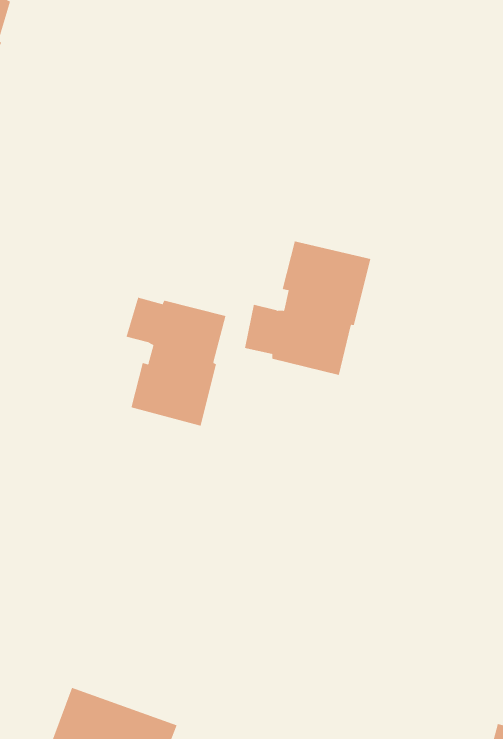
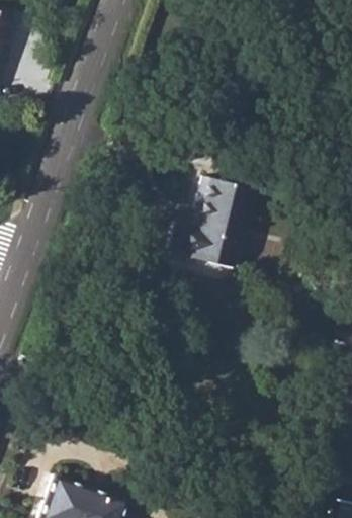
building: [126,297,226,426] -> none

